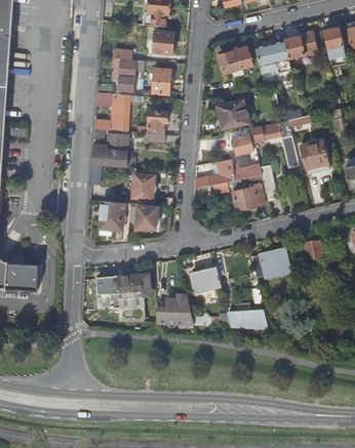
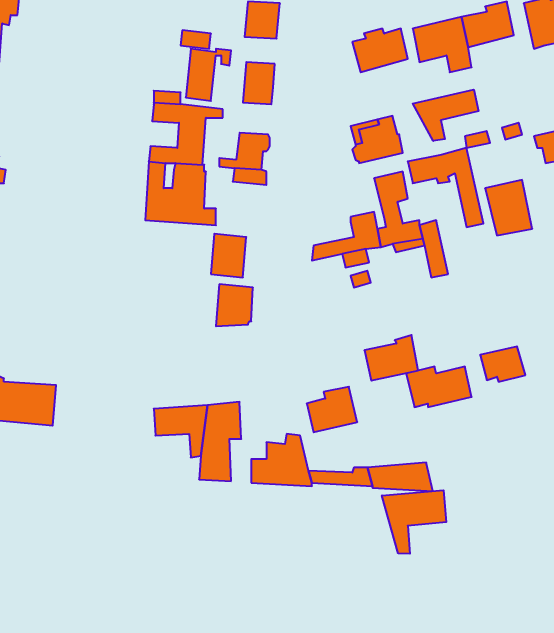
building: none -> [413,90,479,141]
building: [232,182,265,210] -> [364,335,418,381]
building: [100,200,124,235] -> none
building: none -> [382,490,446,554]

